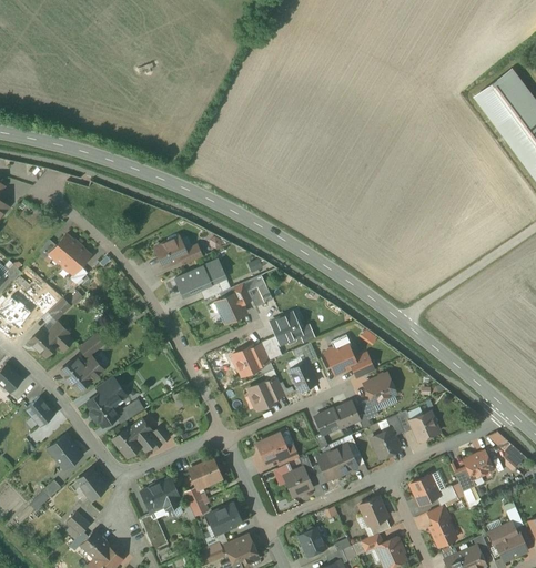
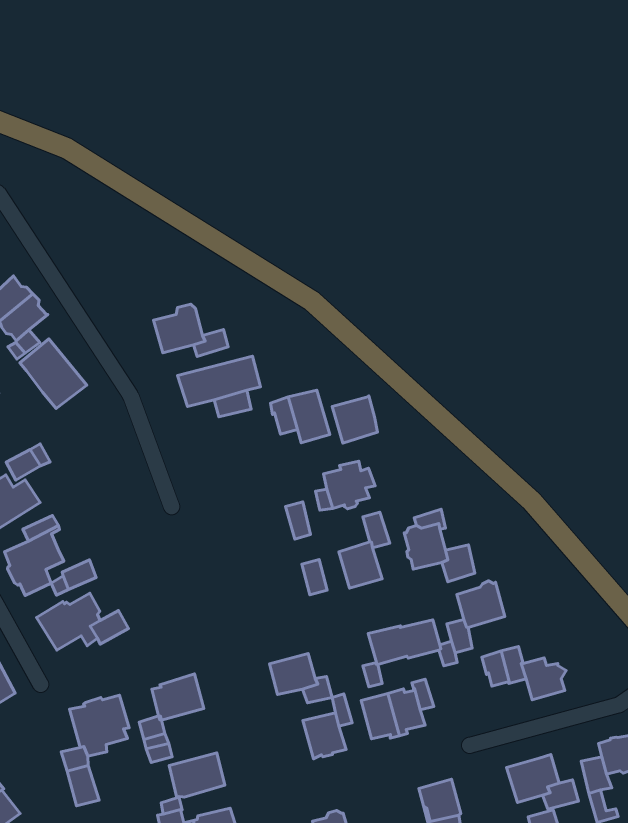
building: none -> [20,339,87,409]
building: [215,292,245,323] -> [332,396,378,443]
building: [233,346,261,375] -> none
building: [249,379,276,409] -> none
building: [372,428,400,458] -> none

